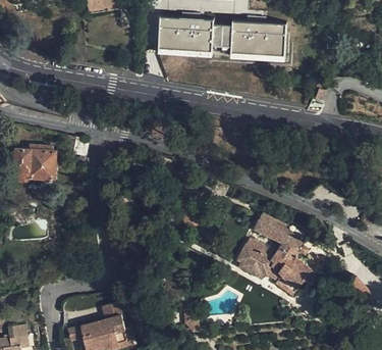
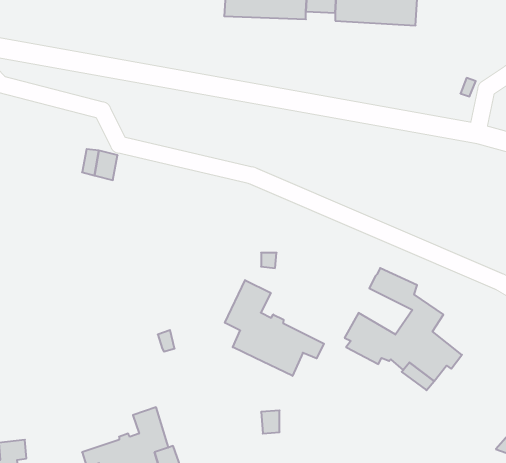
building: [15,143,56,182] -> none
building: none -> [225,280,324,376]

